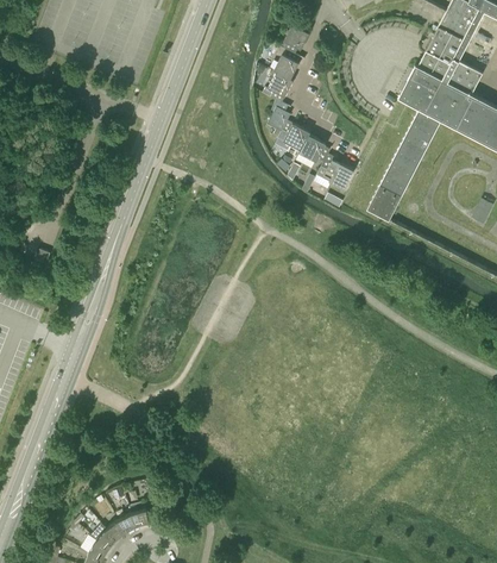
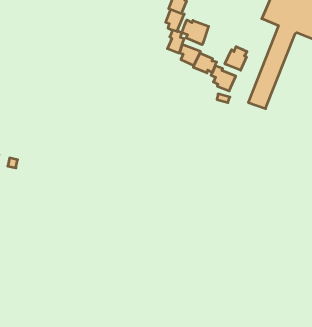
building: none -> [182,20,209,45]
building: none -> [225,47,247,70]

